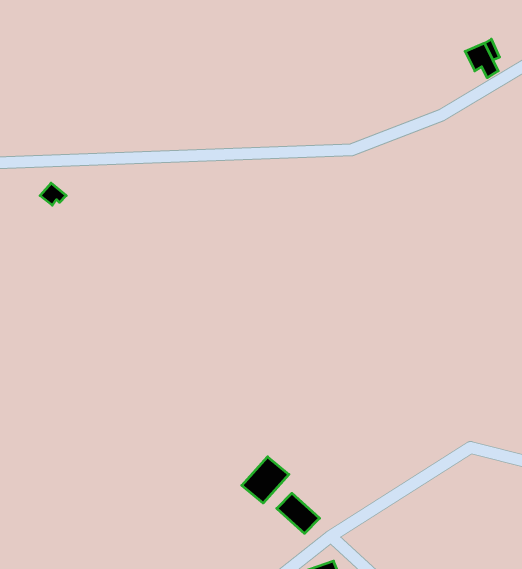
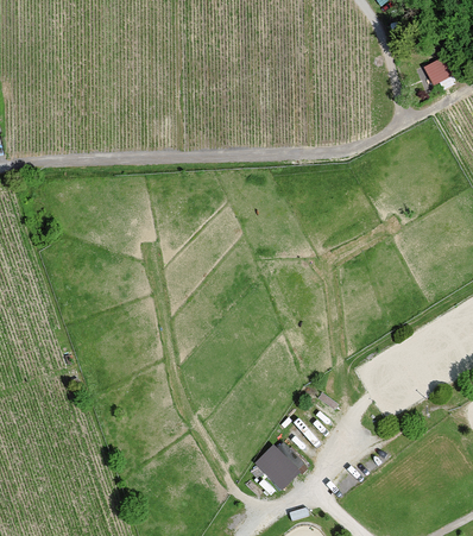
building: [242,457,289,503] -> none

